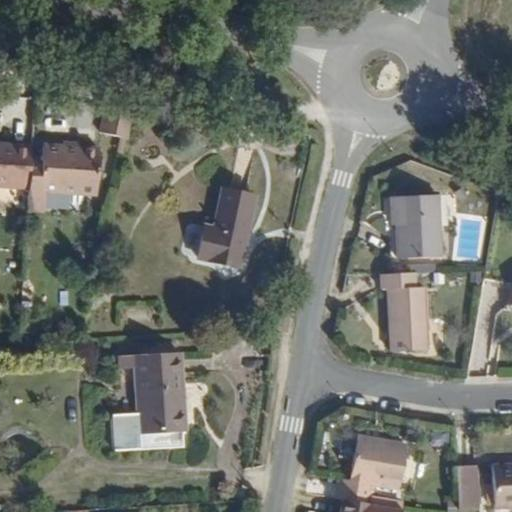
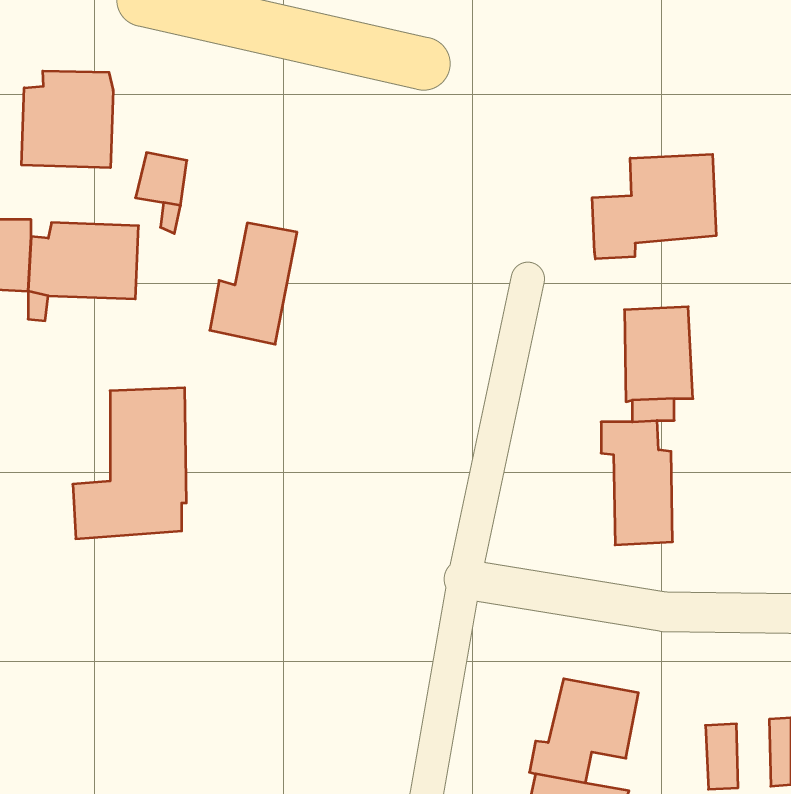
building: none -> [22,71,113,168]
building: none -> [592,154,716,259]
building: [199,189,255,267] -> [210,223,297,344]
building: [103,352,176,449] -> [73,388,186,539]

